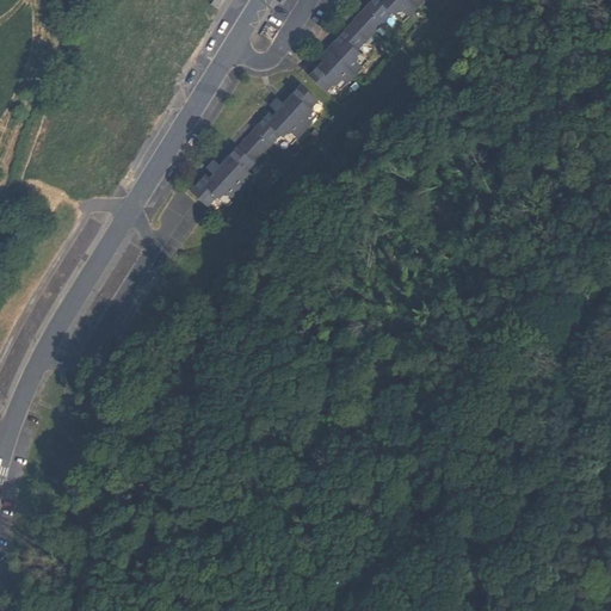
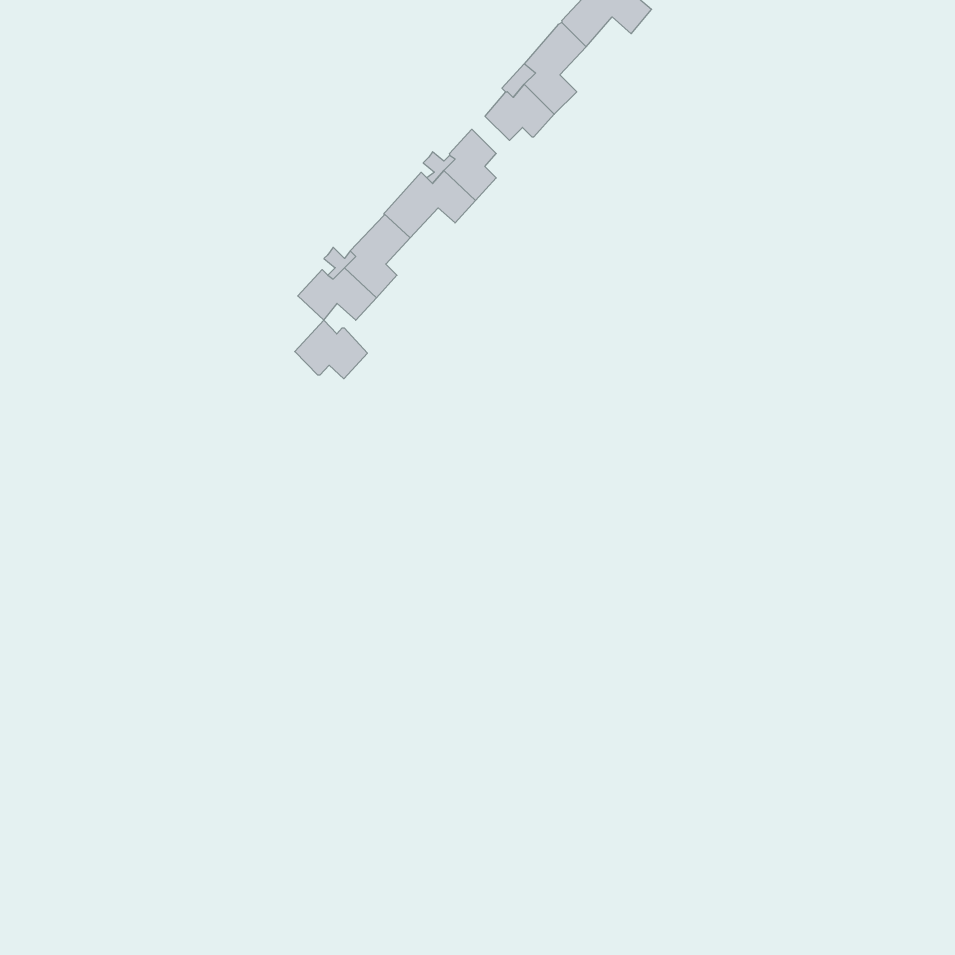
building: none -> [295,320,367,379]

